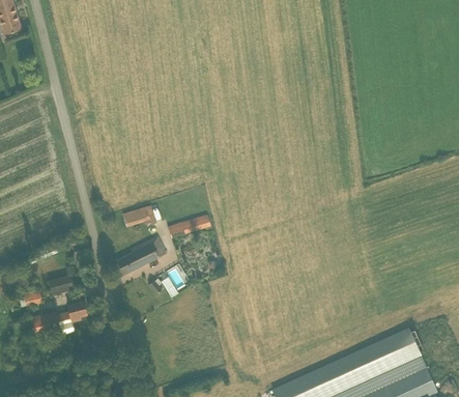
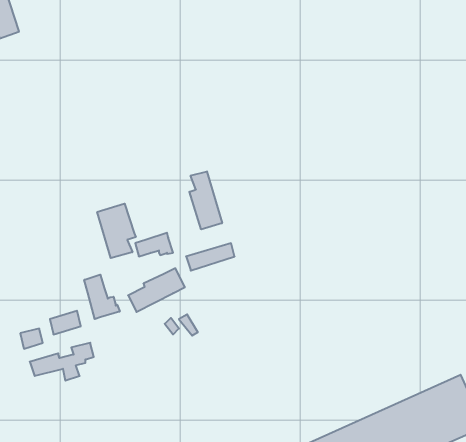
building: none -> [189,171,222,229]
building: none -> [97,204,136,258]
building: none -> [84,275,120,319]

